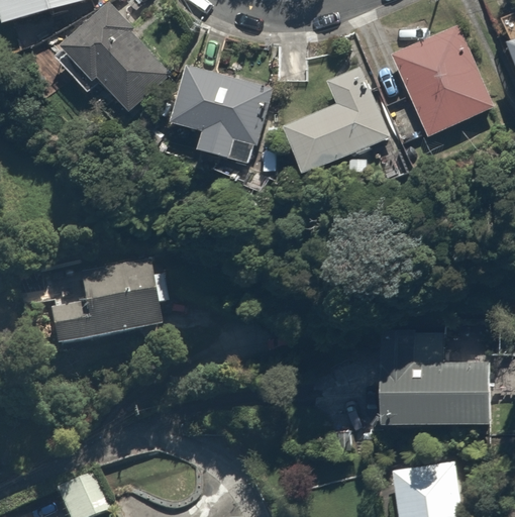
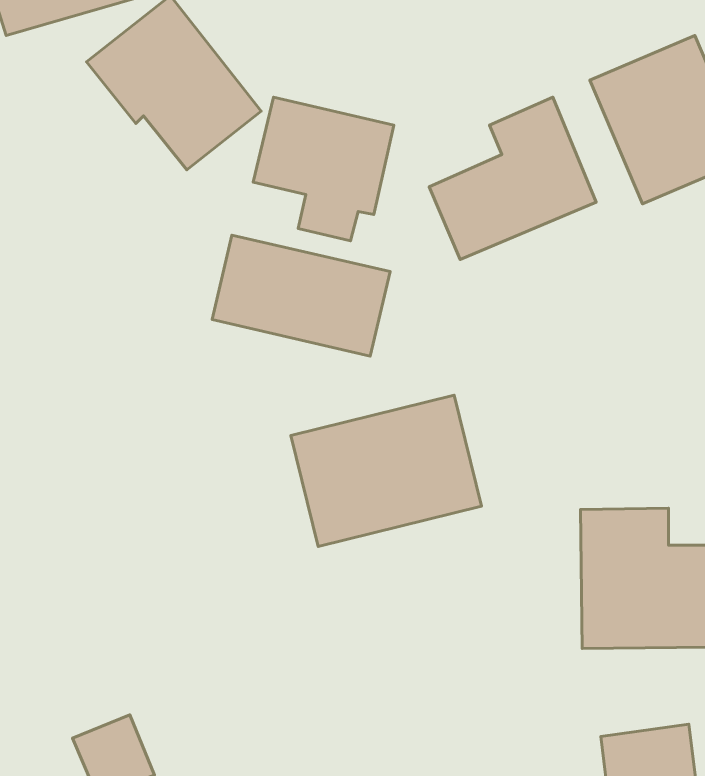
building: none -> [212,235,390,356]
building: [44,252,174,353] -> none
building: none -> [291,395,482,546]

